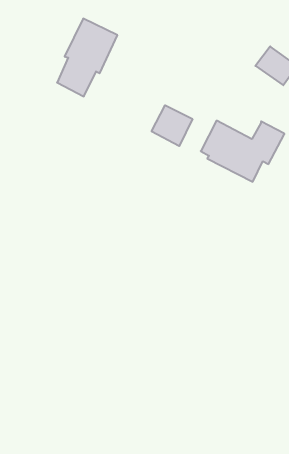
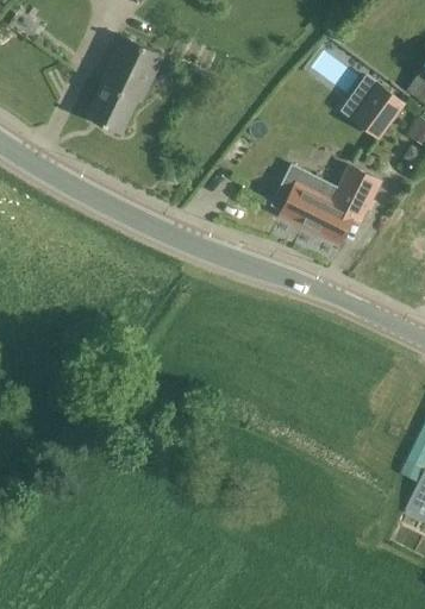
building: [152,105,192,146] -> none

